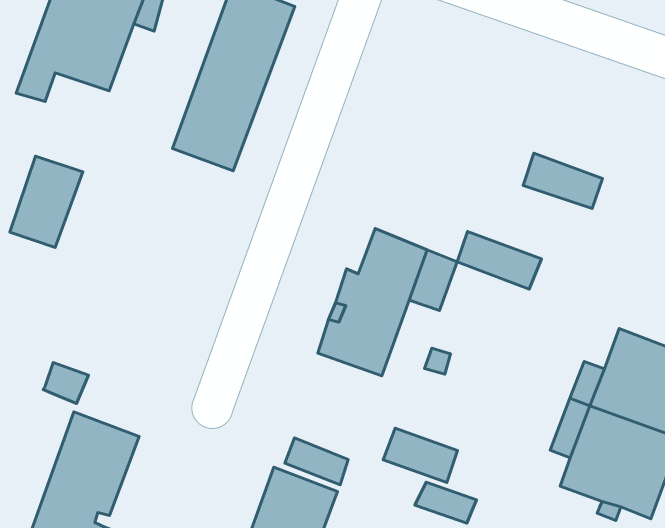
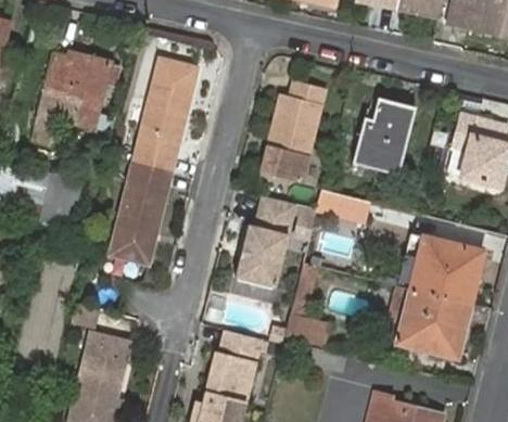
building: none -> [263,77,327,180]
building: none -> [358,99,411,146]
building: none -> [111,157,173,257]

